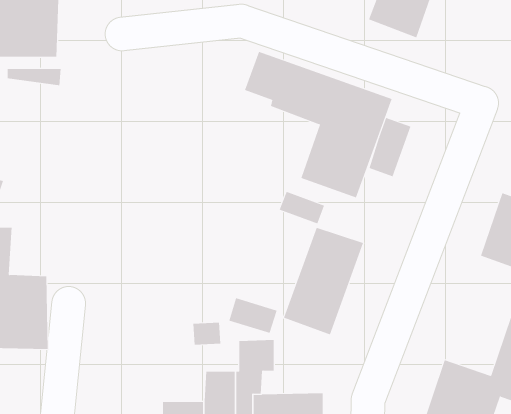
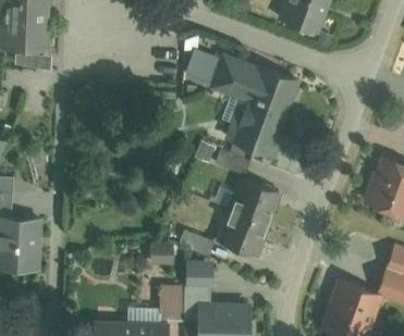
building: [369,117,411,177] -> none

